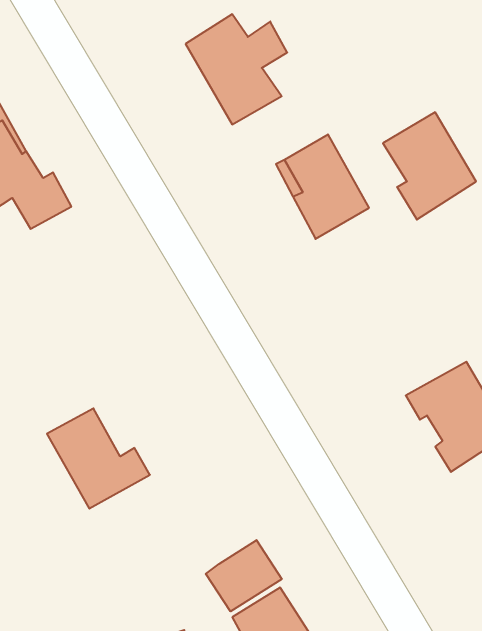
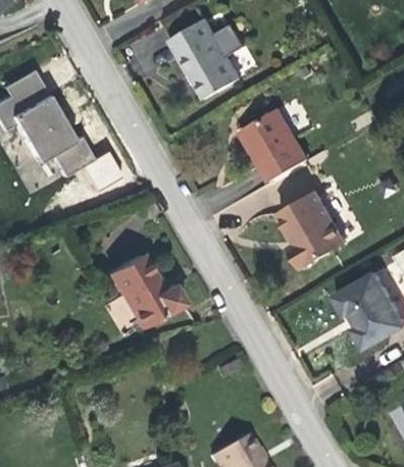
building: [383,112,476,220] -> [287,185,354,262]
building: [47,408,150,509] -> [105,254,180,326]
building: [206,540,282,611] -> none

